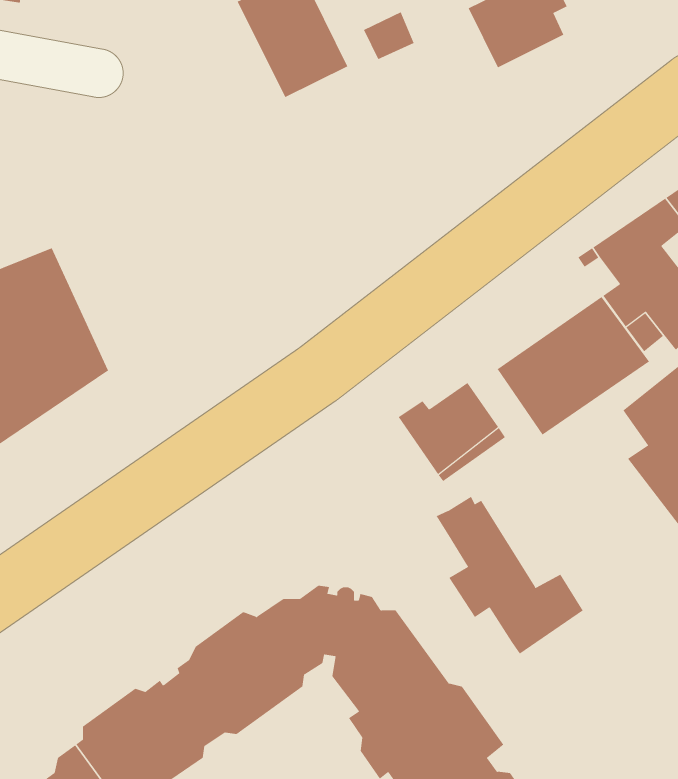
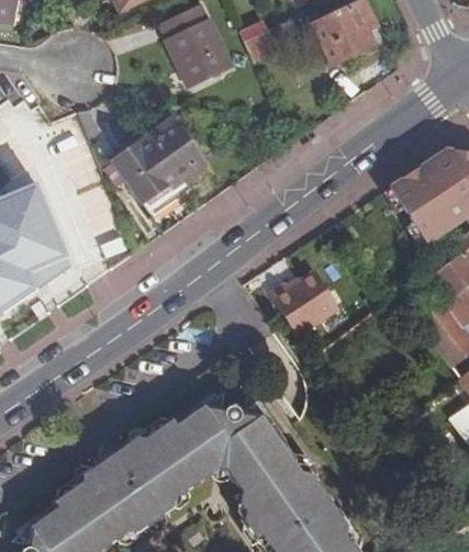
building: none -> [111,116,202,213]
building: [497,296,650,435] -> none
building: [436,496,584,655] -> none

